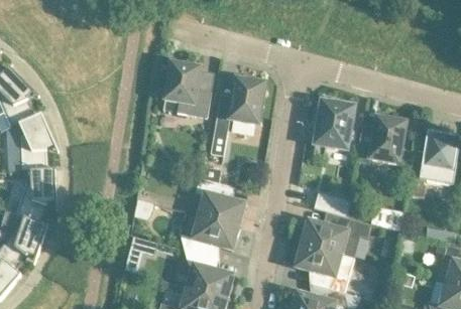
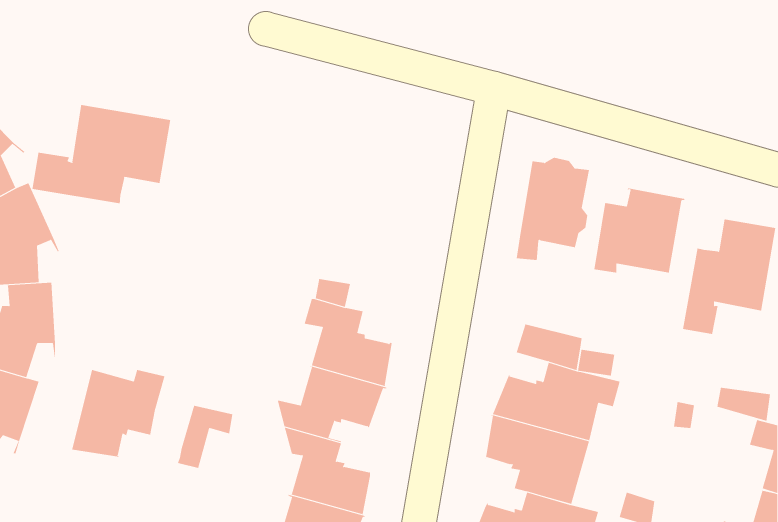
building: [162,61,211,117] -> none
building: none -> [32,104,171,204]
building: [210,75,265,155] -> none
building: none -> [71,369,165,457]

